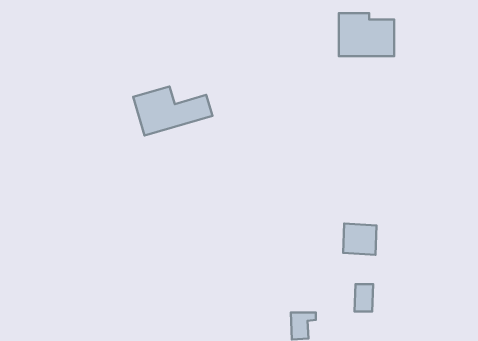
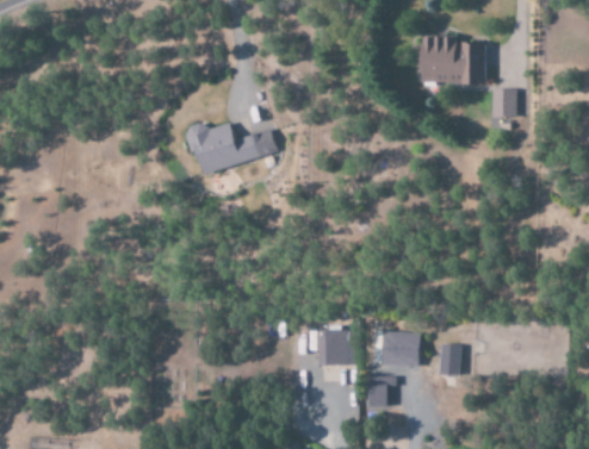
building: none -> [492,88,516,117]
building: [343,223,376,255] -> [382,330,420,366]
building: none -> [318,329,348,364]

